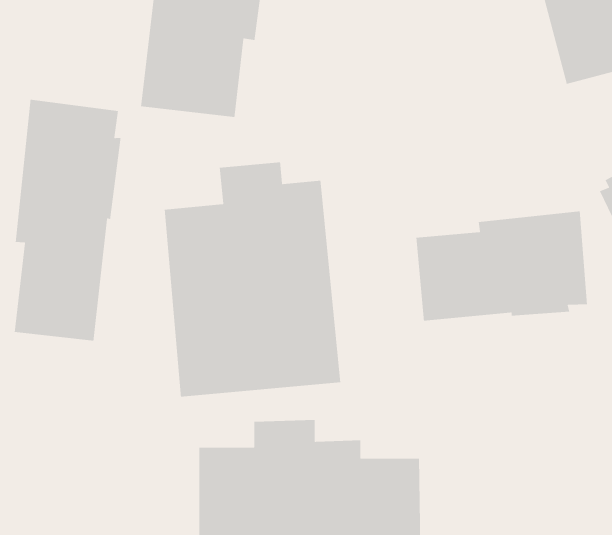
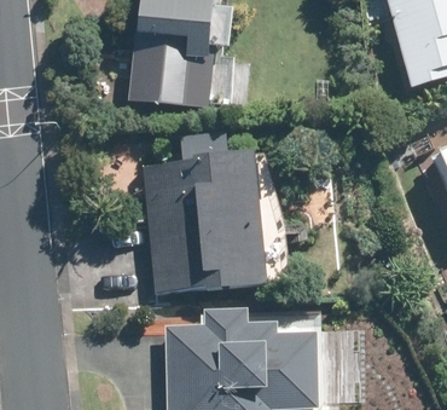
building: [14,99,121,342] -> none
building: [415,211,588,322] -> none

